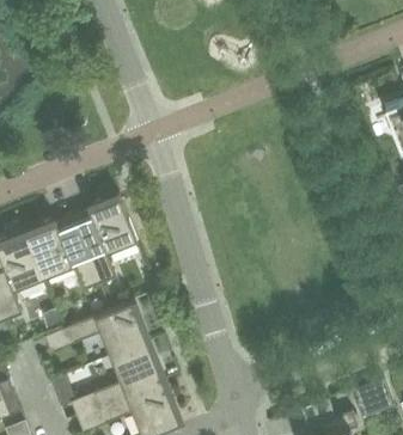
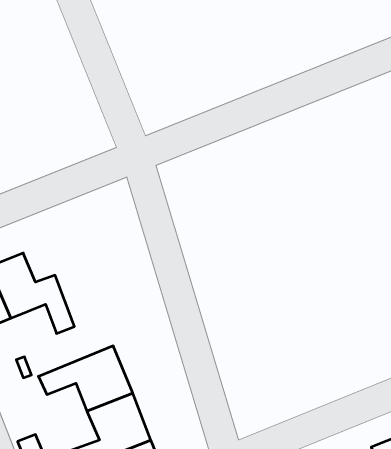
building: [83,195,138,284] -> none

